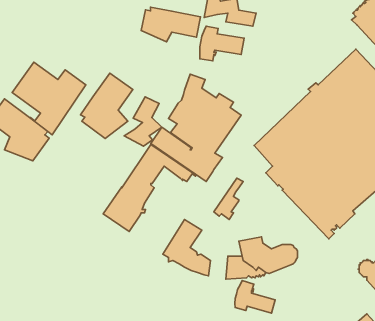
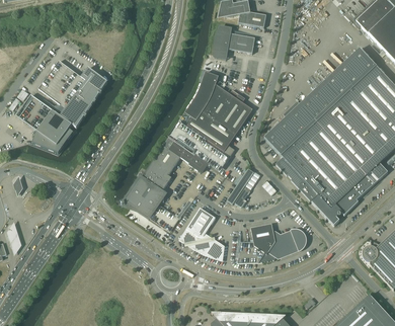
building: [141,7,200,42] -> none
building: [81,73,133,138] -> none
building: [124,97,162,146] -> none
building: [235,281,275,313] -> none

